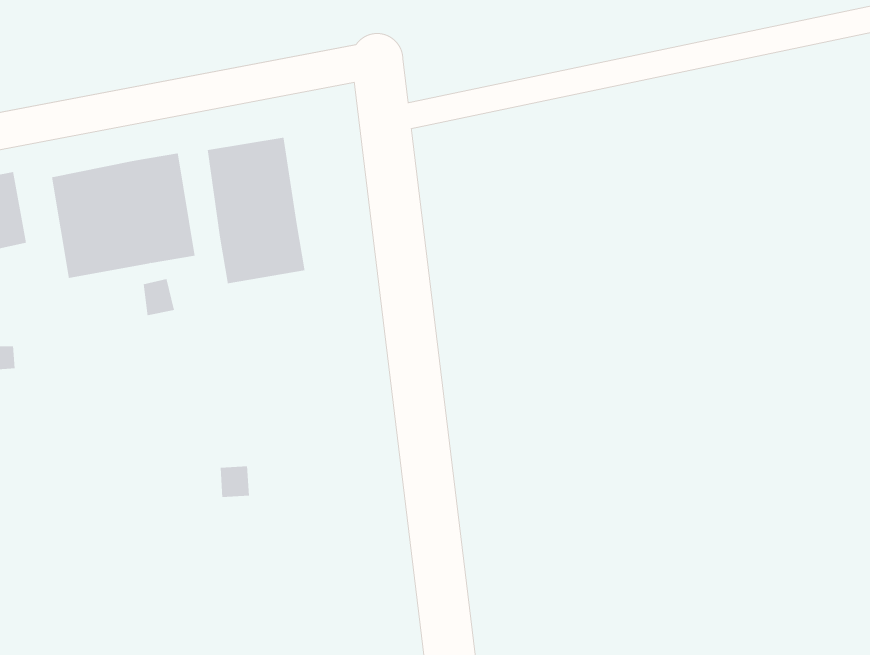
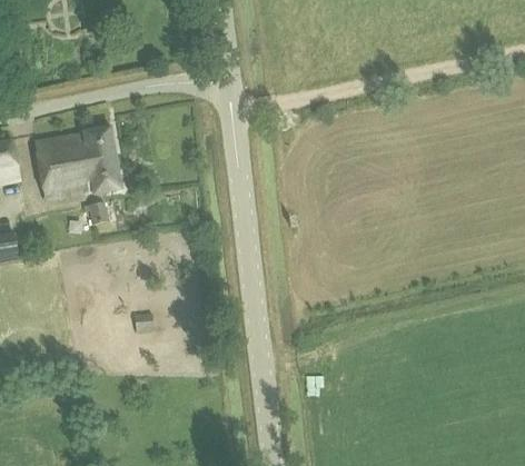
building: [207,137,305,284] -> none

